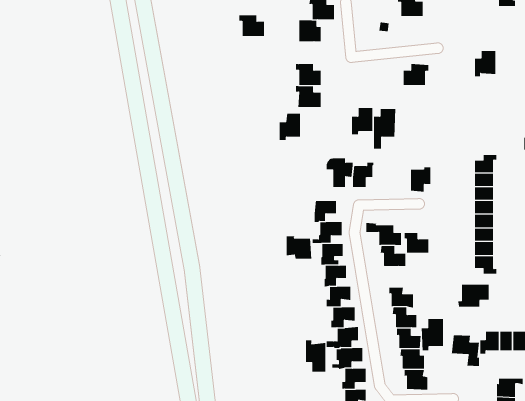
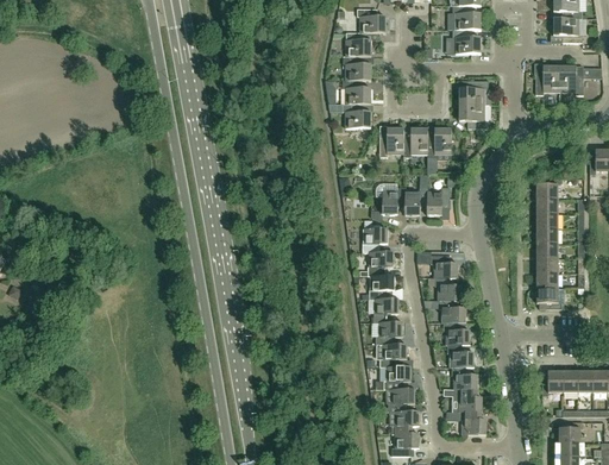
building: none -> [553,18,582,42]
building: [238,15,265,37] -> [343,56,371,80]
building: none -> [453,29,482,52]
building: none -> [560,65,584,94]
building: none -> [459,103,488,127]
building: [279,113,301,140] -> [379,127,403,157]
building: [410,167,431,192] -> [427,188,450,215]
building: [404,232,429,253] -> [439,300,466,322]
building: [286,236,312,259] -> none
building: [457,284,489,308] -> none
building: [421,318,443,351] -> none
building: [451,334,480,367] -> none
building: [306,340,326,372] -> none

